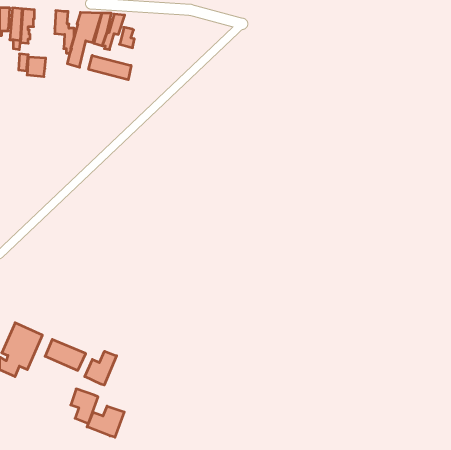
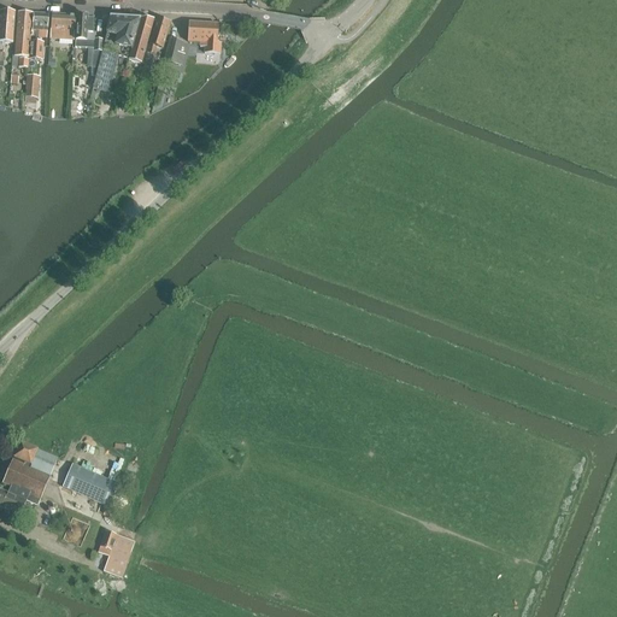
building: none -> [187,22,219,52]
building: [89,55,131,80] -> none
building: [27,57,46,77] -> [49,13,75,40]
building: [85,351,117,385] -> none
building: [87,406,124,437] -> none

